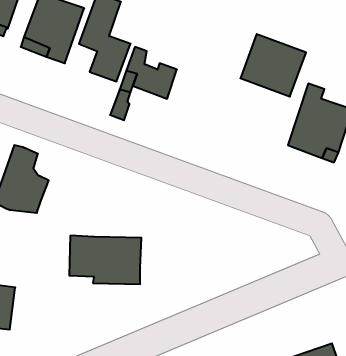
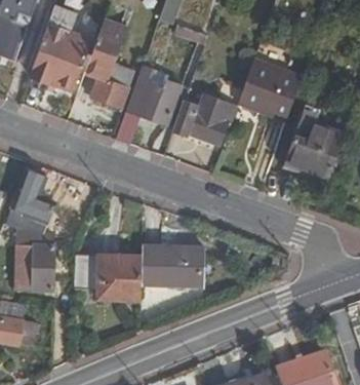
building: none -> [176,91,239,140]
building: none -> [17,226,55,285]
building: none -> [145,247,207,283]

